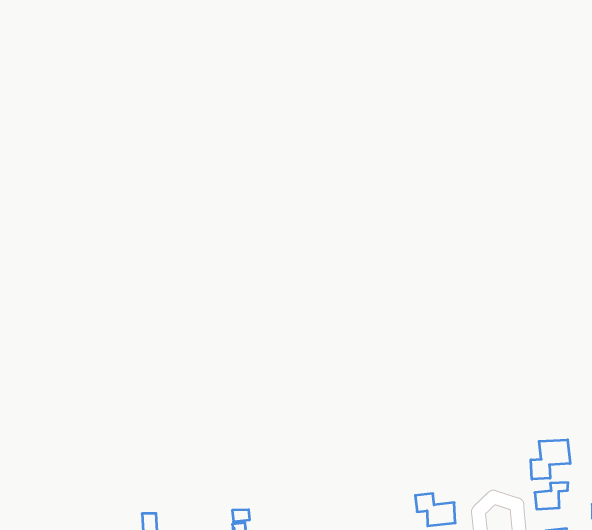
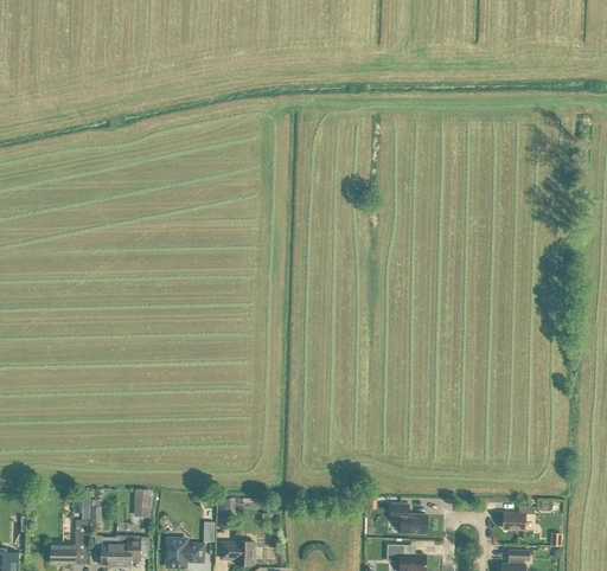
building: [531,440,570,479] -> none

